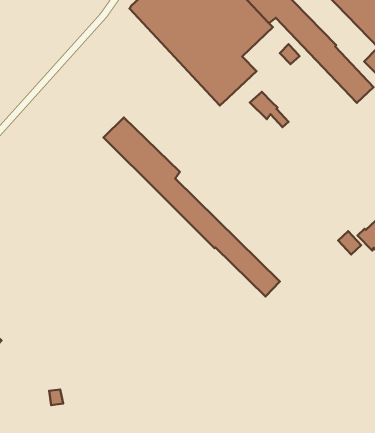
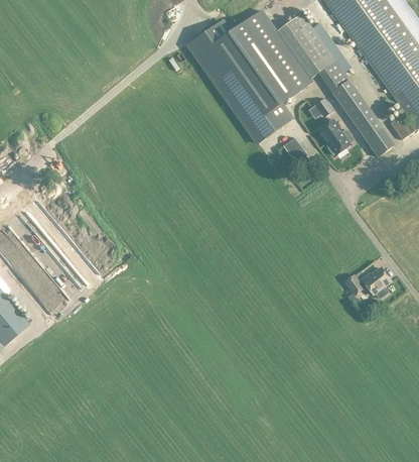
building: none -> [318,118,355,153]
building: [104,118,280,296] -> none

